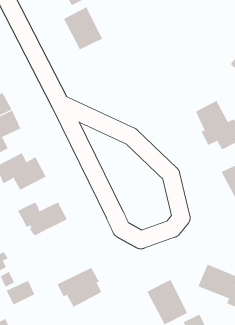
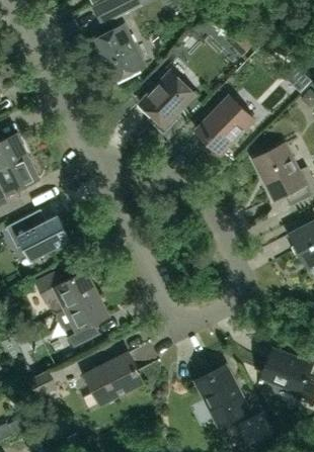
building: none -> [139,71,194,126]
building: none -> [197,96,252,152]
building: none -> [55,293,108,347]

